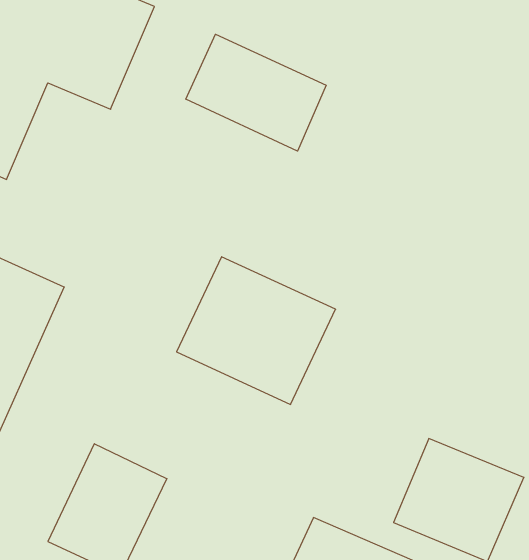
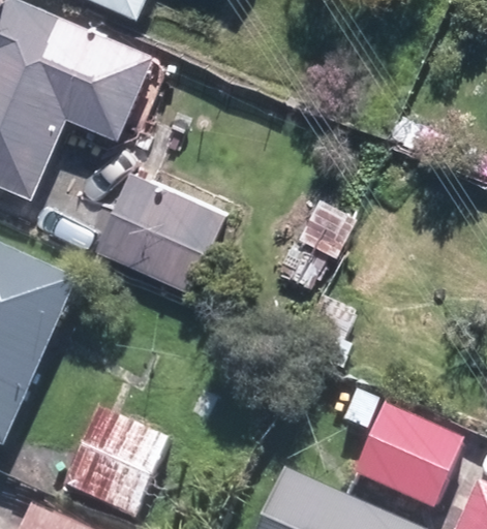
building: [186,34,326,151] -> none
building: [177,257,336,404] -> [90,168,221,290]

